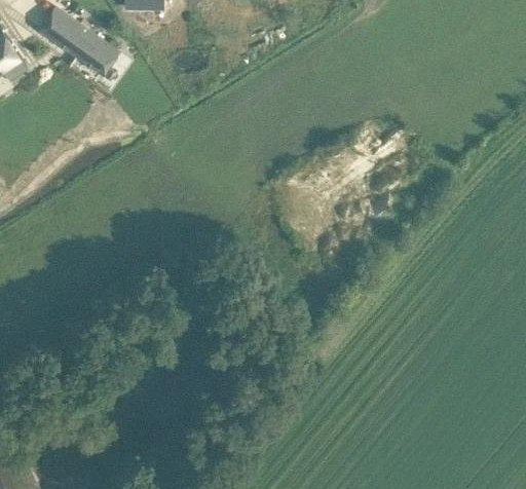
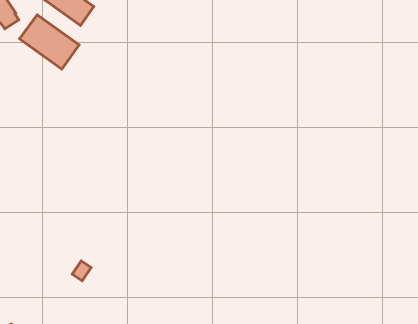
building: none -> [20,15,79,69]

